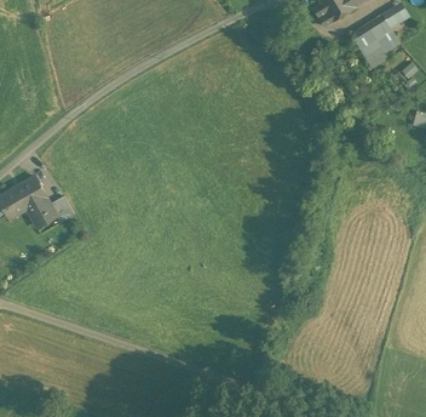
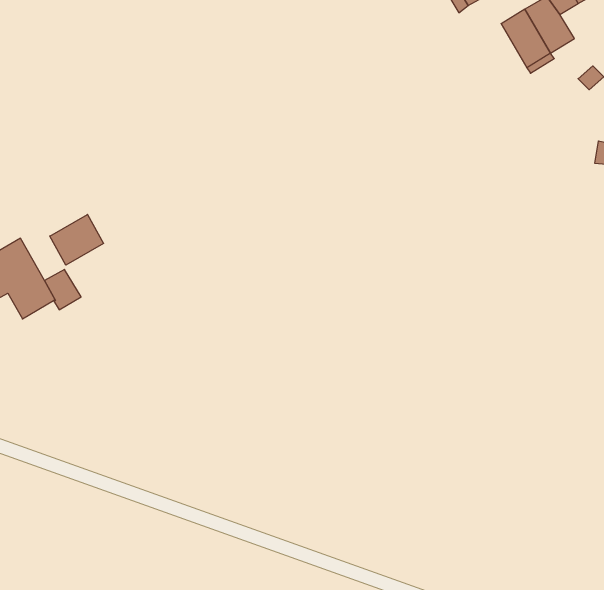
building: none -> [50,214,104,265]

